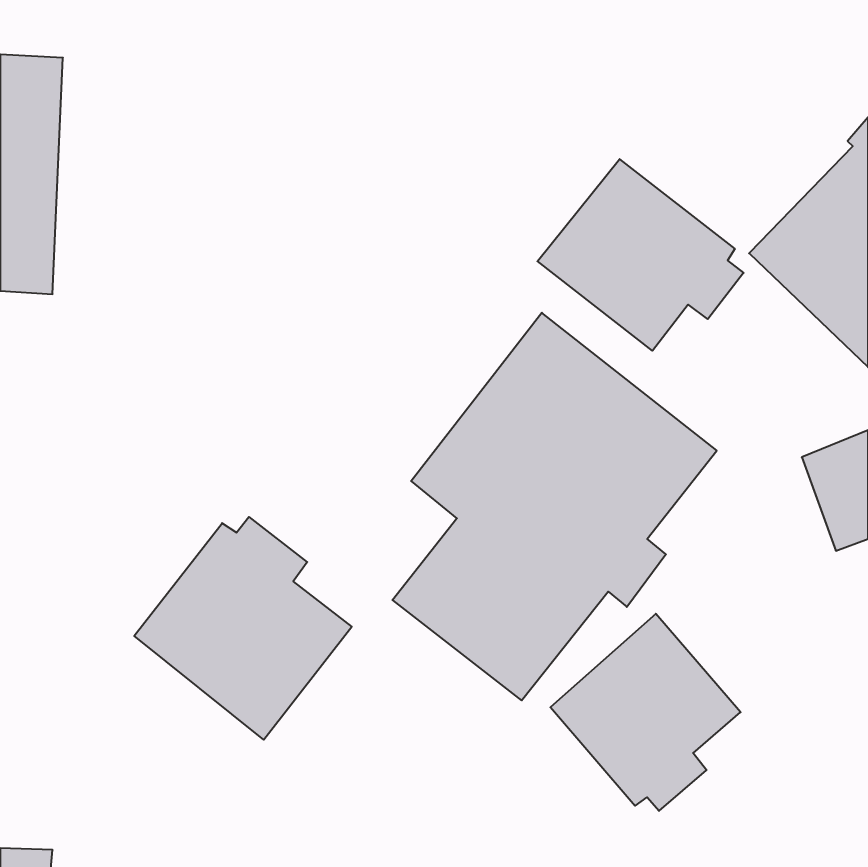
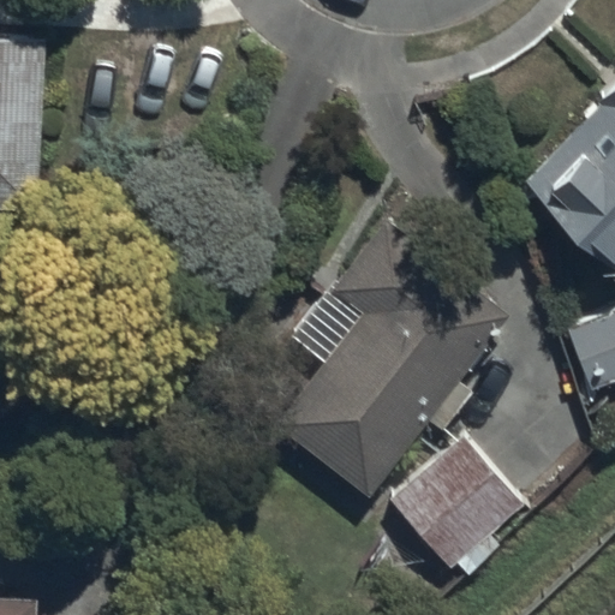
building: [537,159,744,351] -> none
building: [134,517,352,740] -> none

